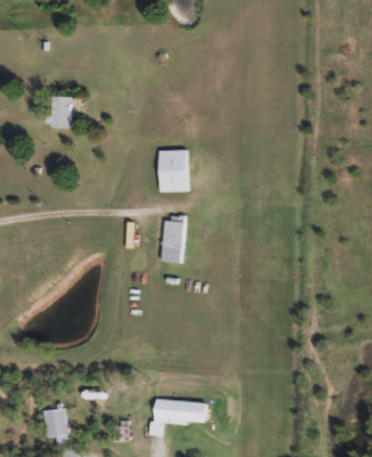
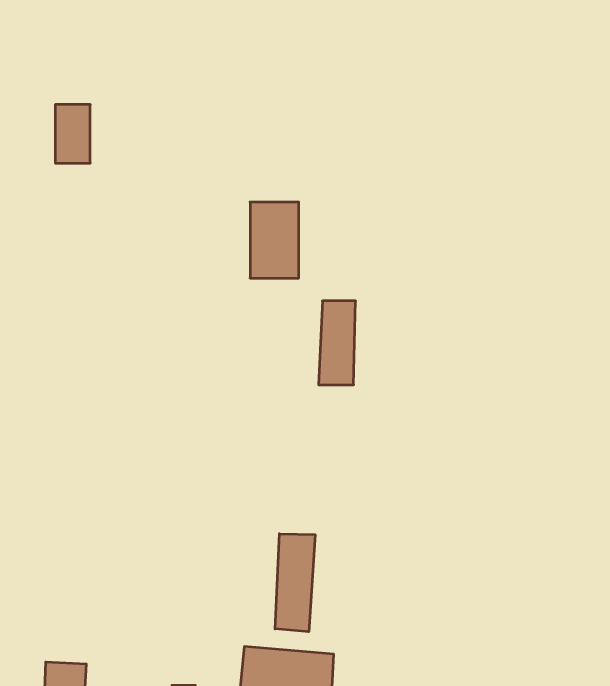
building: [163,216,183,263] -> [319,301,356,385]
building: none -> [275,534,315,632]

